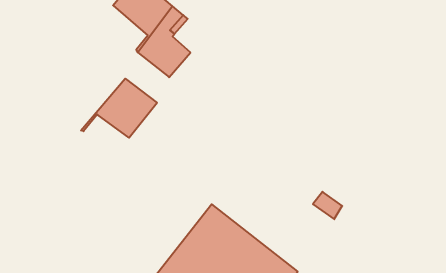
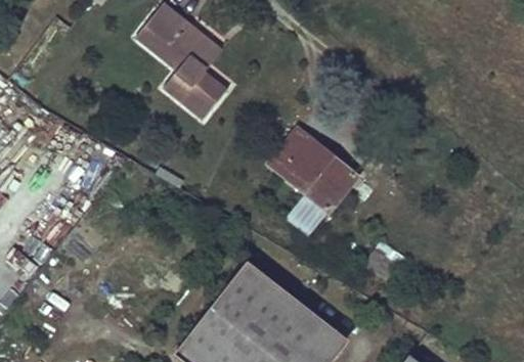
building: [81,79,157,138] -> none
building: none -> [269,130,357,217]

